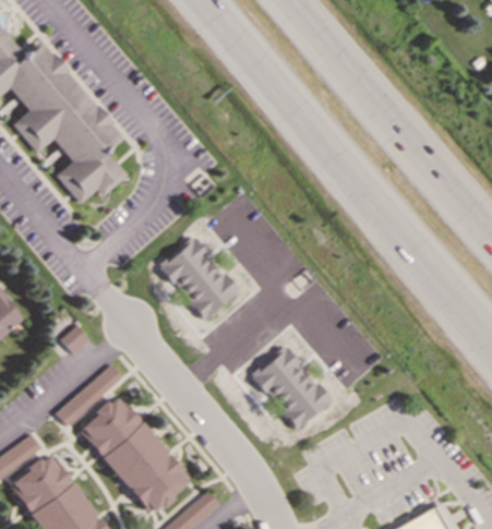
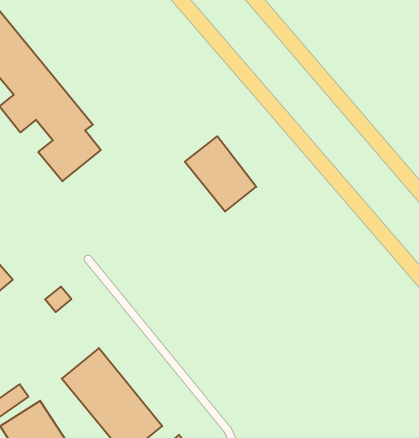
building: [160,236,240,320] -> [185,136,256,211]
building: [253,346,334,429] -> none
building: [56,364,124,425] -> none

